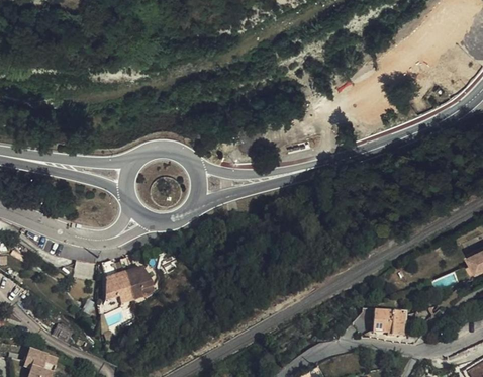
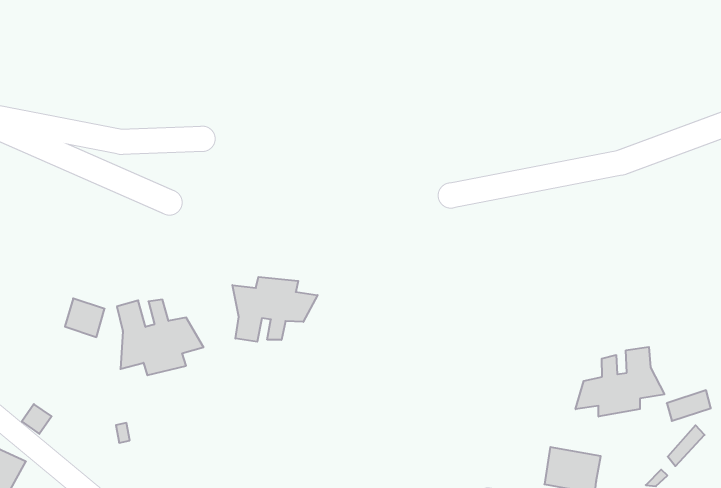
building: none -> [232,277,318,342]
building: none -> [576,347,664,417]

